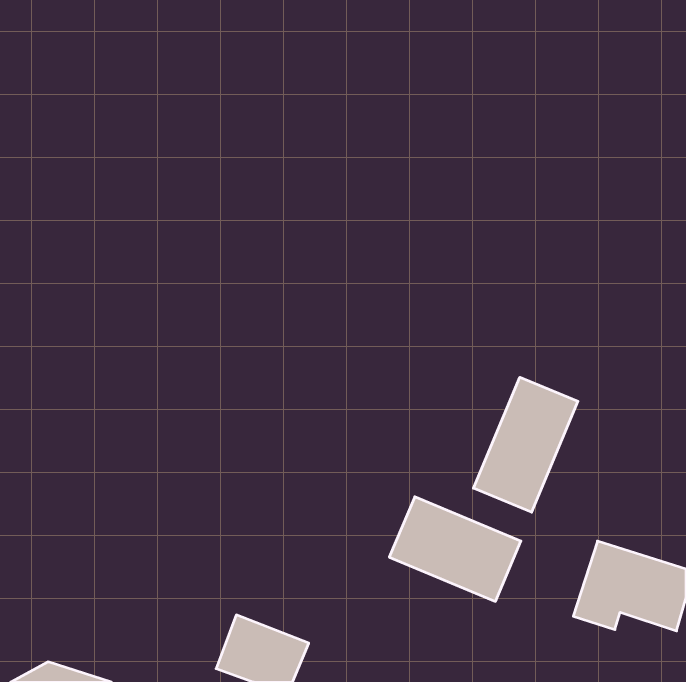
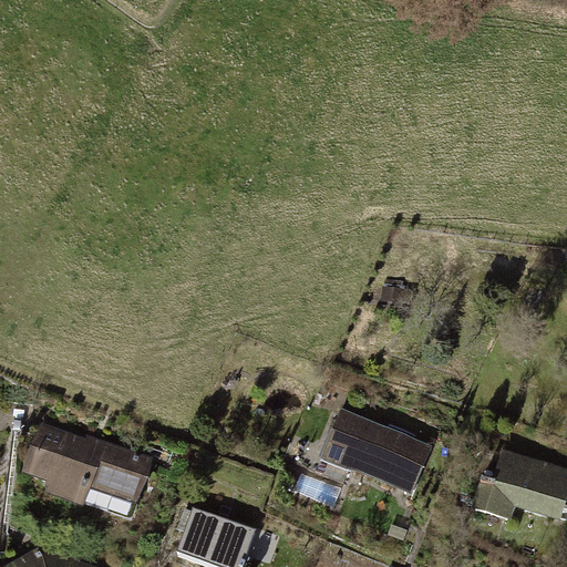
building: [473,377,578,512] -> none
building: none -> [21,419,152,515]

